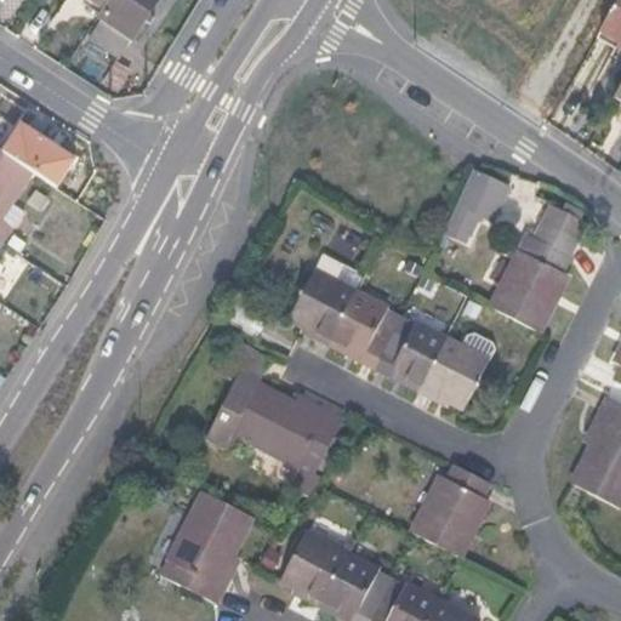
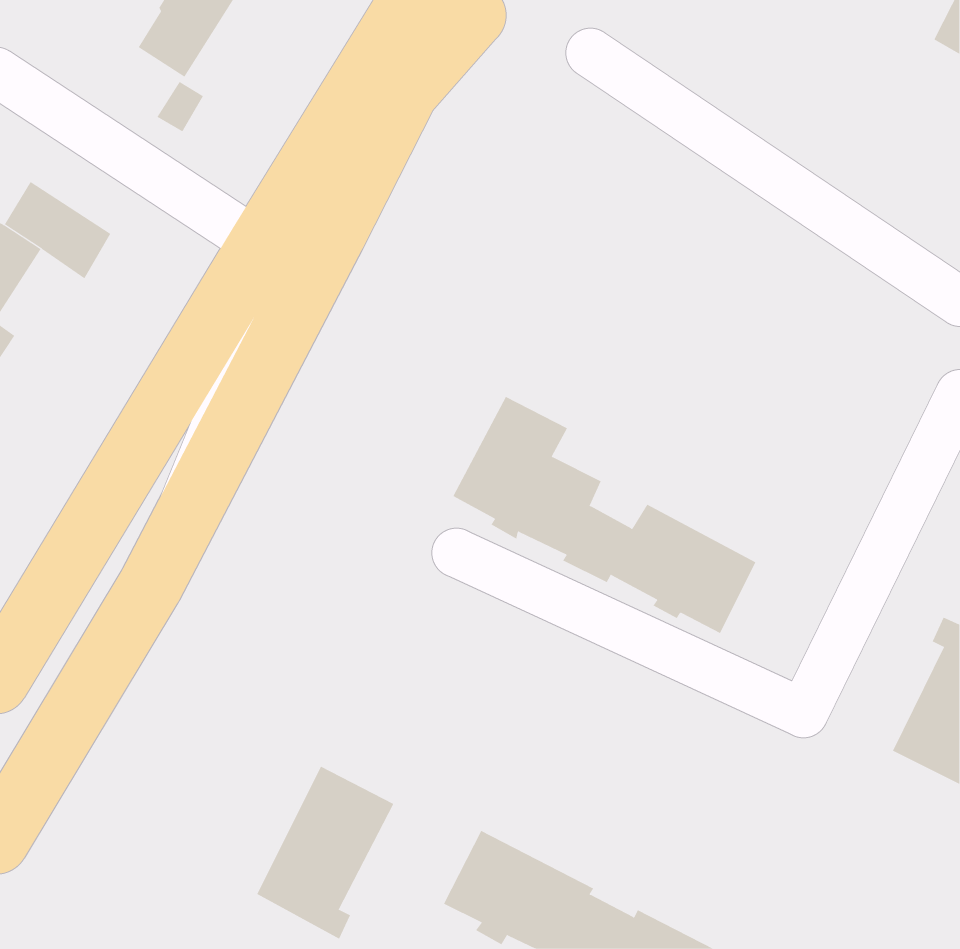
building: [443,163,507,233] -> none
building: [492,204,583,331] -> none
building: [209,368,344,474] -> none
building: [415,466,491,558] -> none

